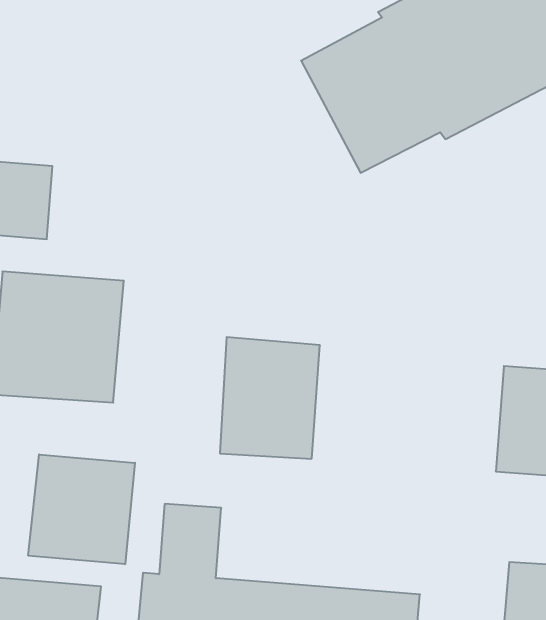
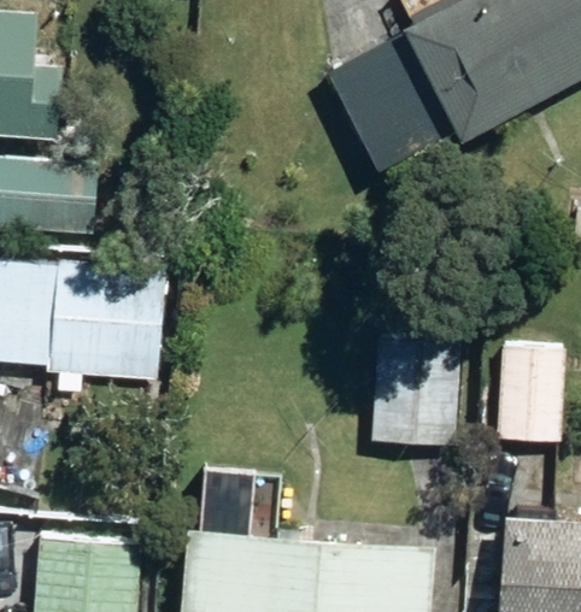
building: [220,337,320,459] -> [372,336,462,445]
building: [28,454,135,564] -> none

